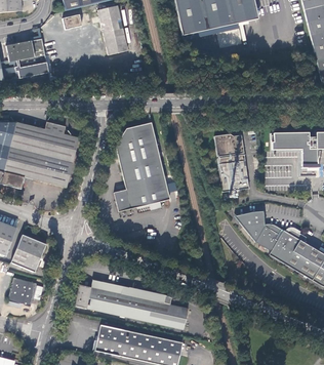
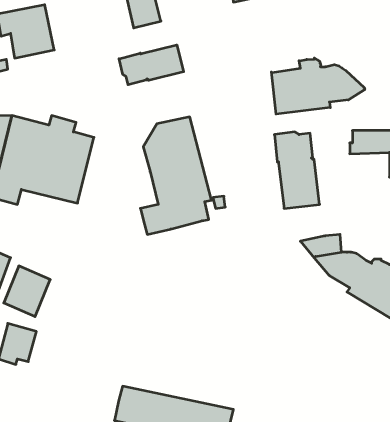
building: none -> [119,45,184,85]
building: none -> [271,58,365,114]
building: [75,281,190,329] -> none

